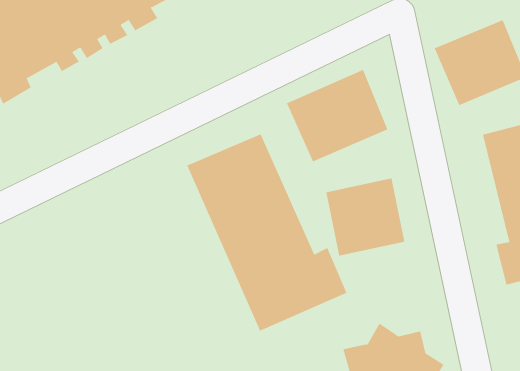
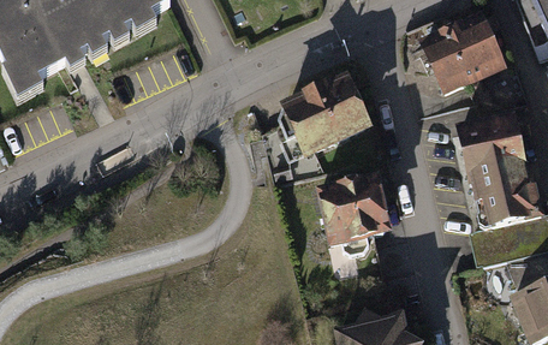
building: [187,133,347,332] -> none

